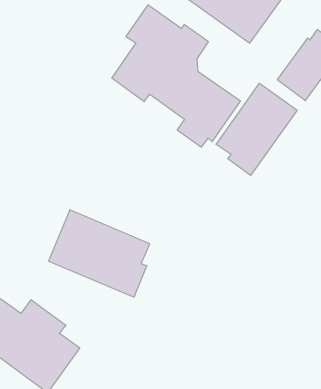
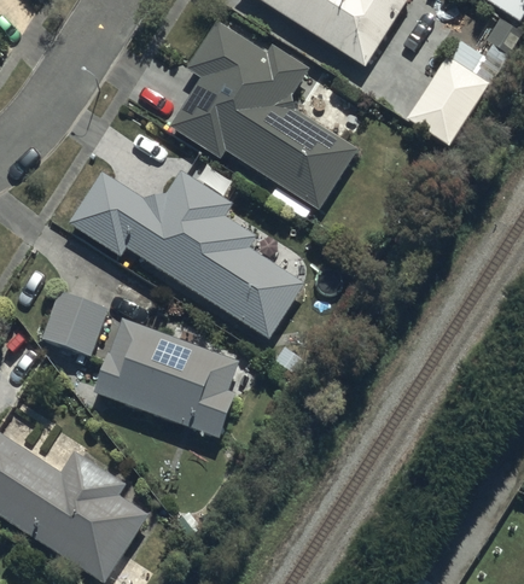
building: [216,83,297,175] -> none
building: none -> [69,170,303,337]
building: none -> [41,290,107,356]

